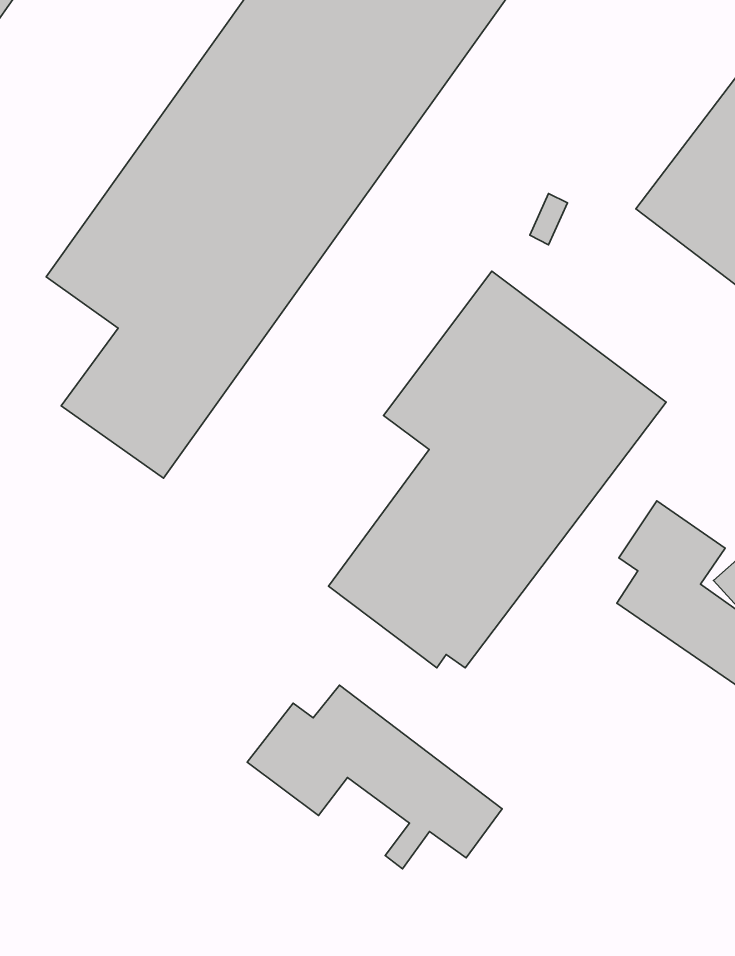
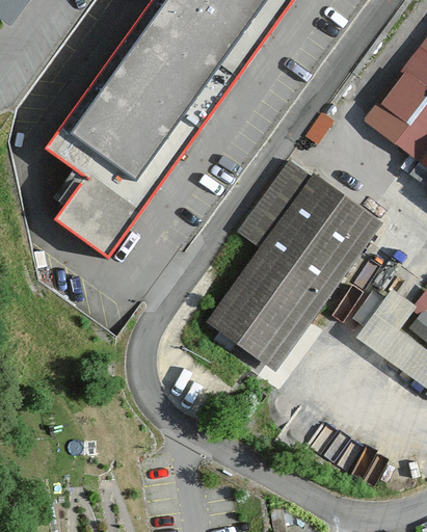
building: [247,685,502,869] -> none

